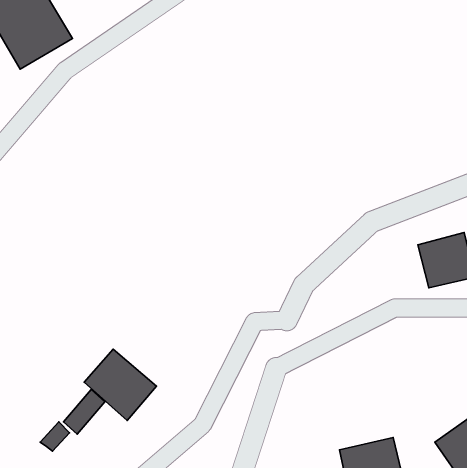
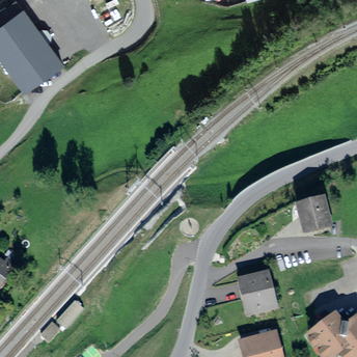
building: none -> [236,271,277,317]
building: [84,349,157,420] -> none

